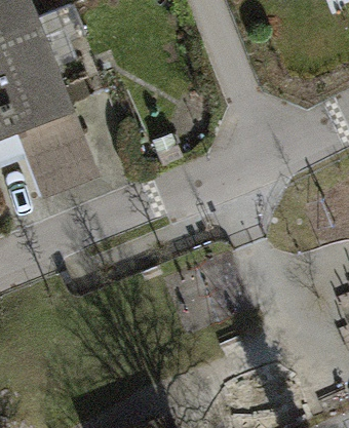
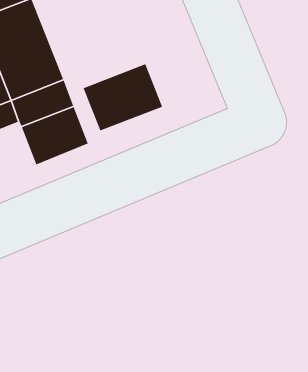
building: none -> [82,63,163,132]

